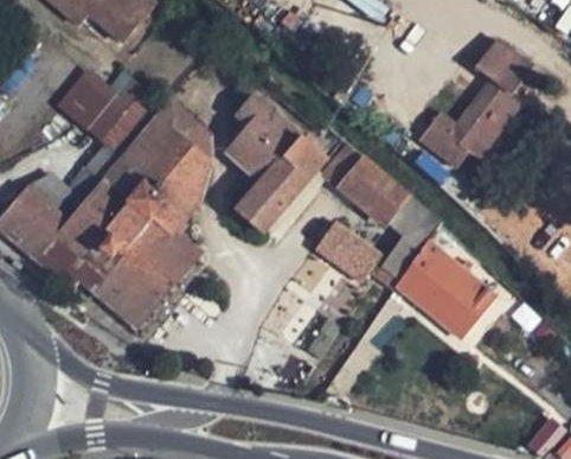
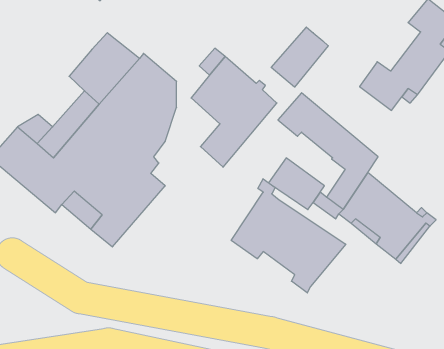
building: none -> [271,27,328,87]
building: [54,74,111,128] -> none
building: none -> [231,179,346,293]

